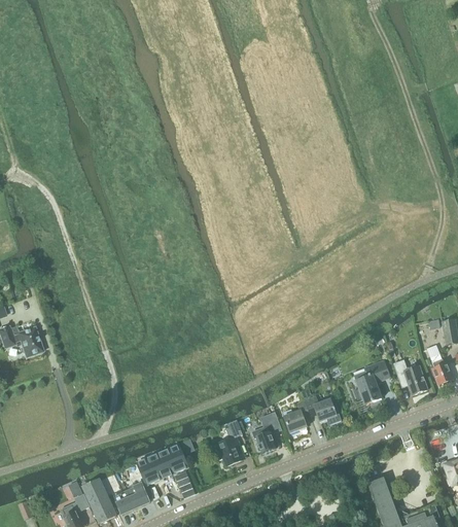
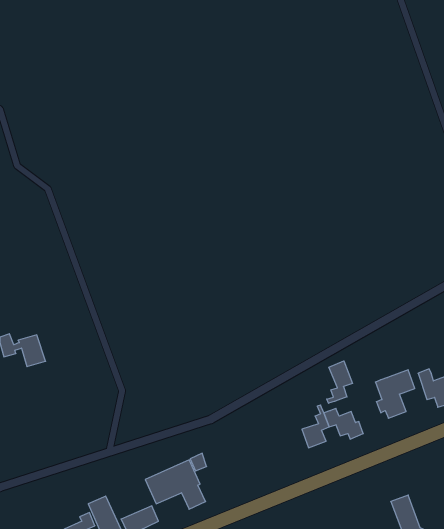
building: none -> [327,361,353,403]
building: [252,412,281,453] -> none
building: [216,419,243,465] -> none

